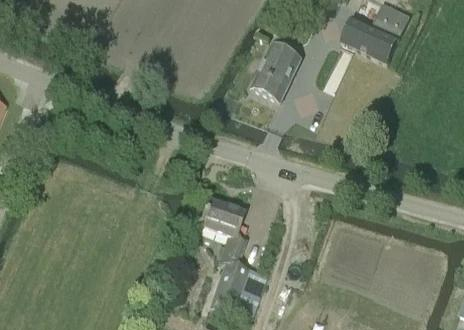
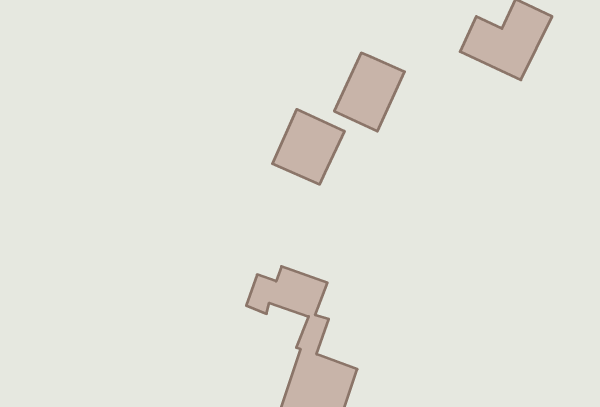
building: none -> [272,109,344,184]

